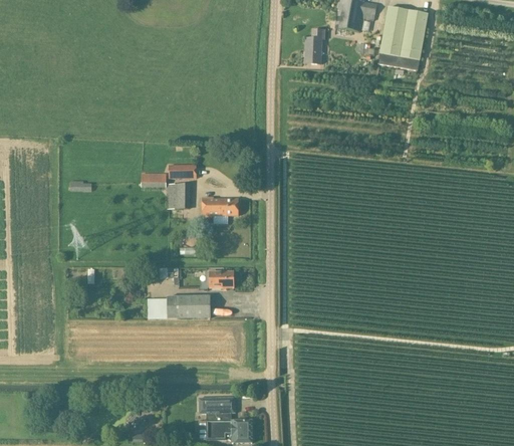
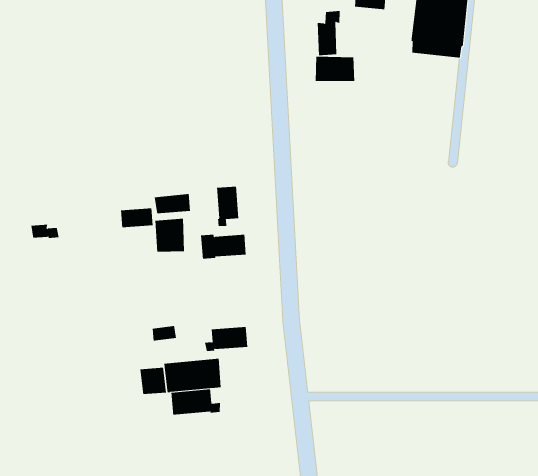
building: none -> [315,56,355,82]
building: none -> [216,186,239,227]
building: none -> [171,389,221,416]

